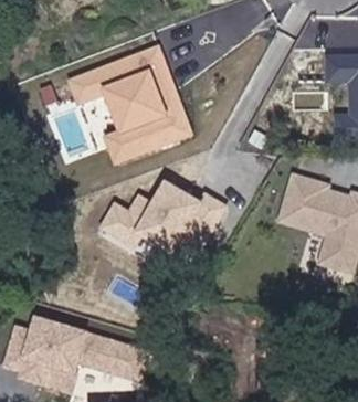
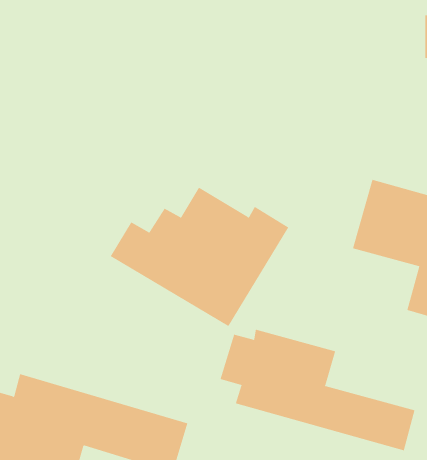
building: [66,43,192,163] -> none
building: none -> [220,329,415,451]

